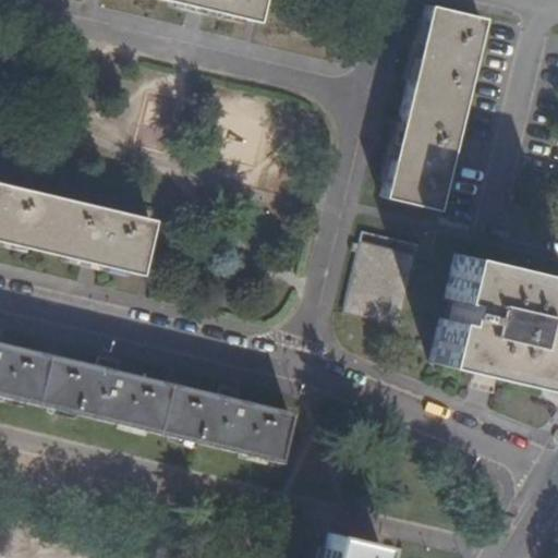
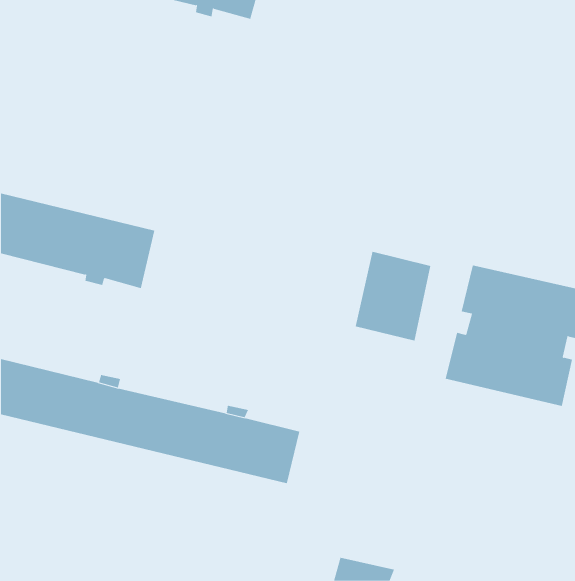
building: [386,4,487,208] -> none

